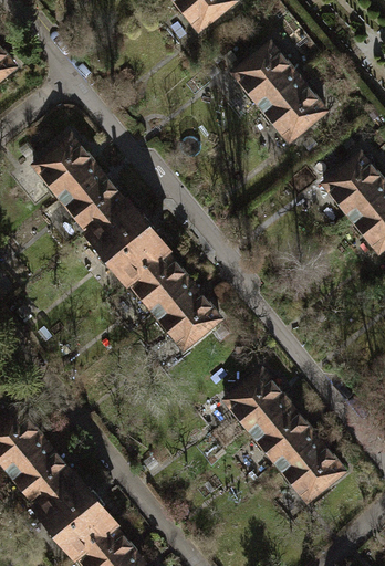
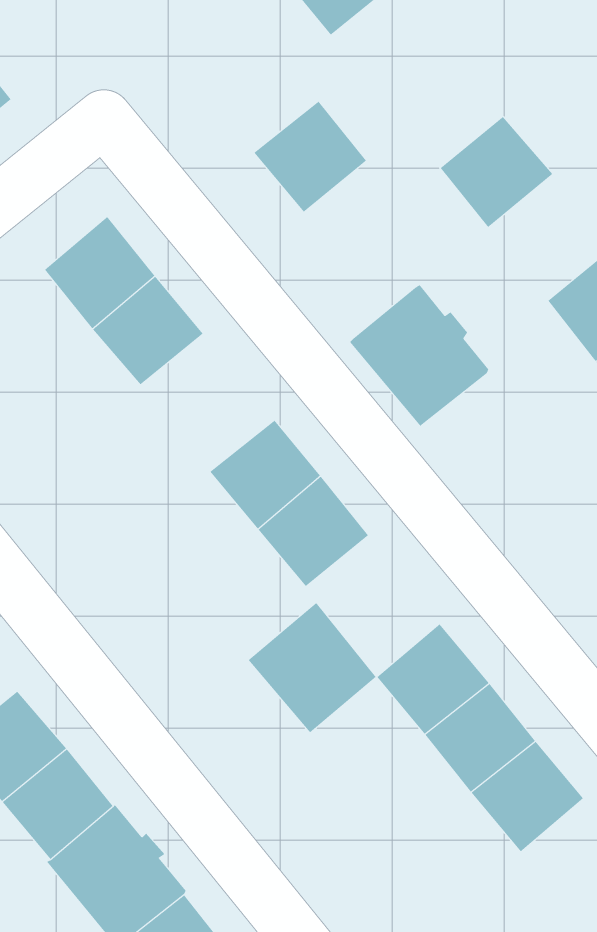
building: [232,44,298,108] -> [253,101,367,212]
building: [86,202,167,284] -> [349,285,489,427]
building: none -> [248,602,376,733]

